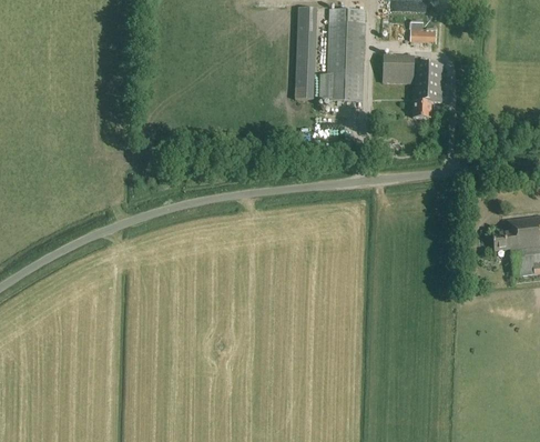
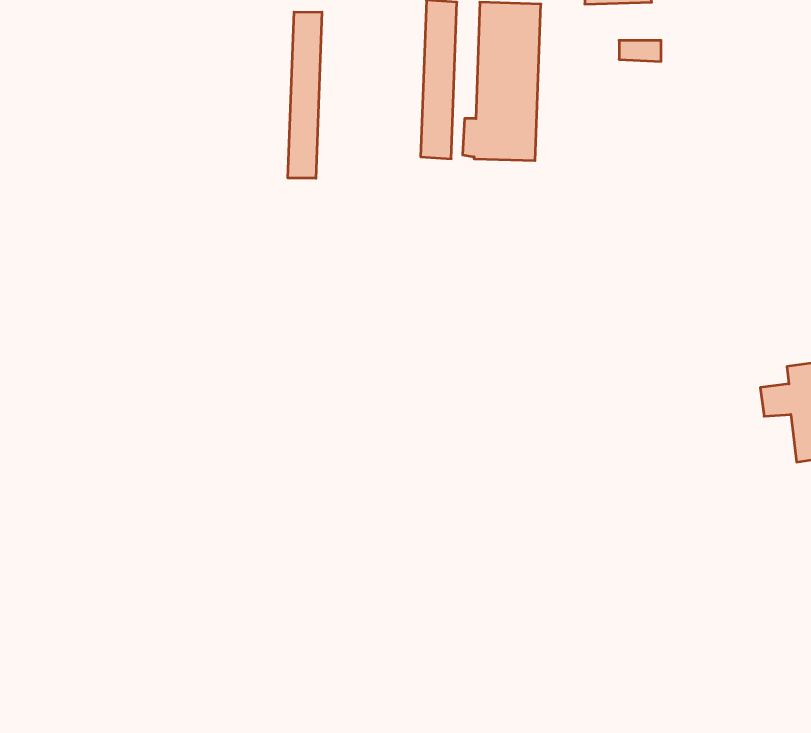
building: none -> [288,12,322,178]
building: [384,54,442,117] -> none

